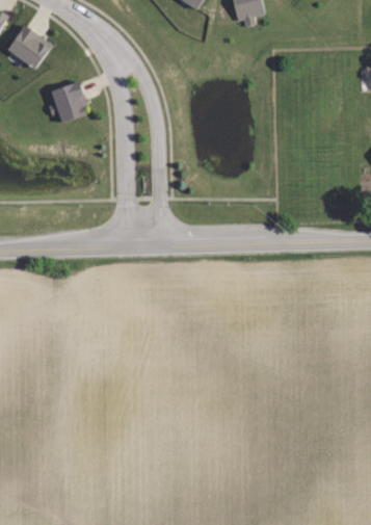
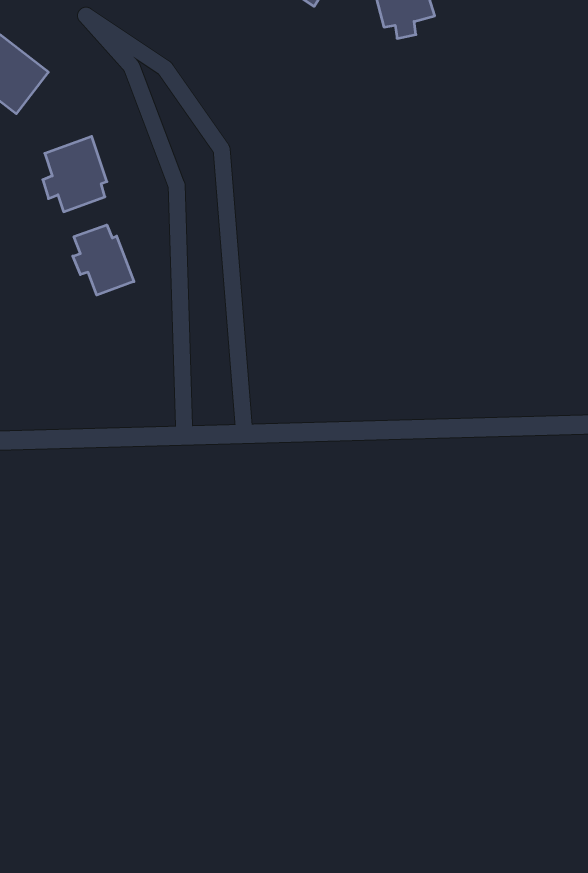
building: none -> [73,225,134,295]

